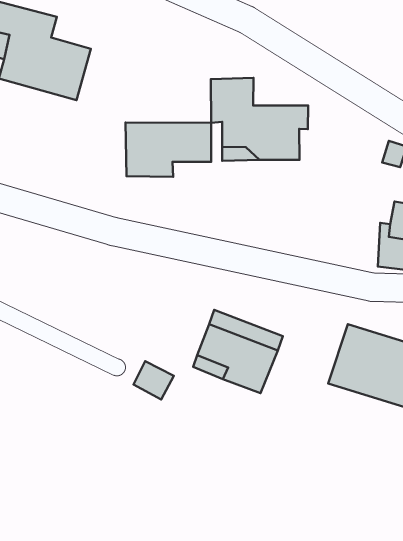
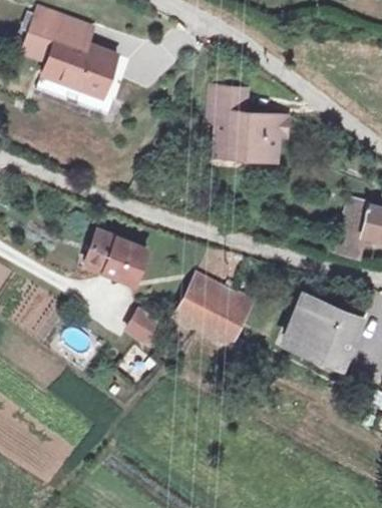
building: [126,123,211,177] -> none
building: none -> [84,230,146,283]

